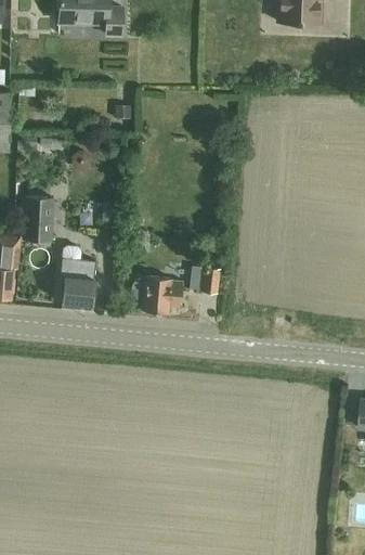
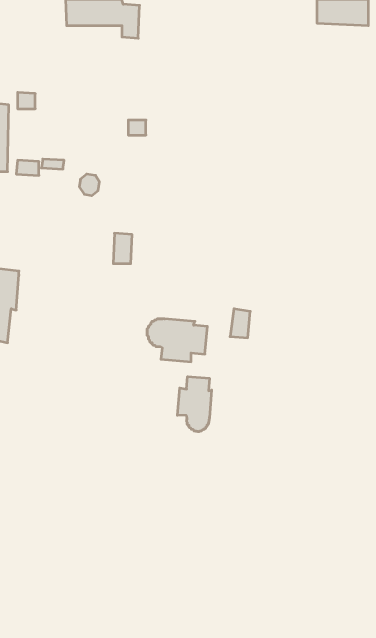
building: [18,196,52,240] -> none
building: [57,245,94,306] -> none
building: none -> [177,377,212,432]

